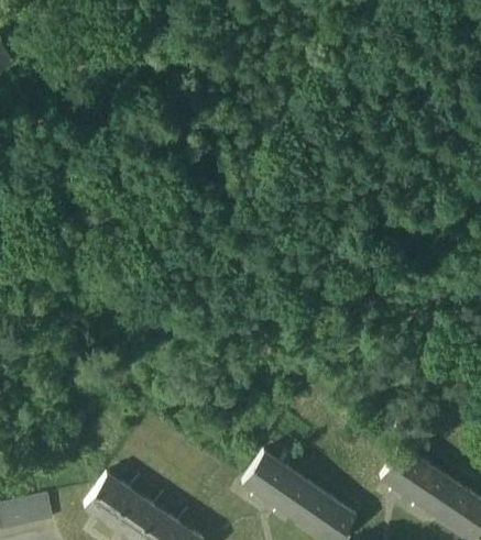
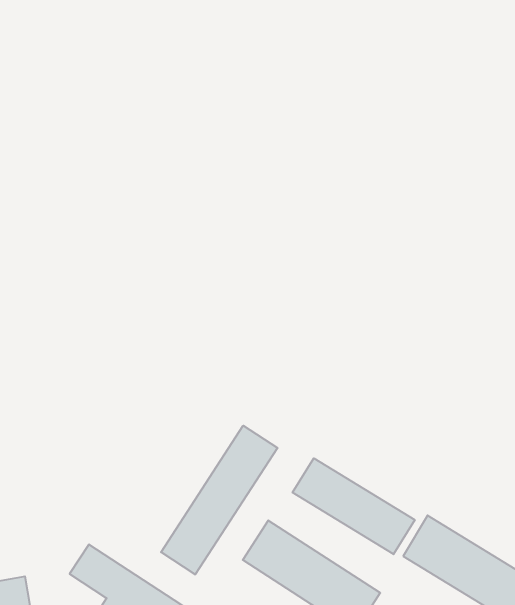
building: none -> [161,426,277,575]
building: none -> [293,458,415,554]

